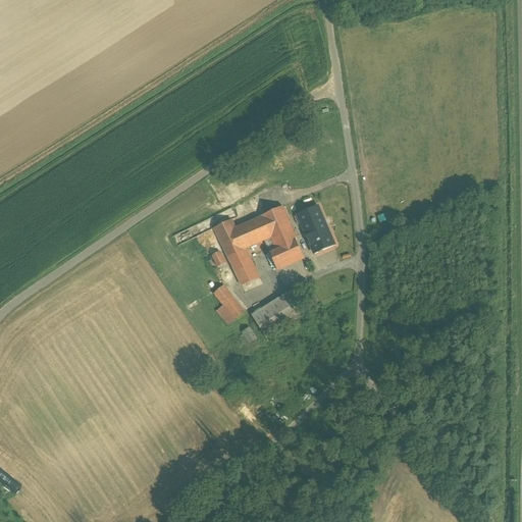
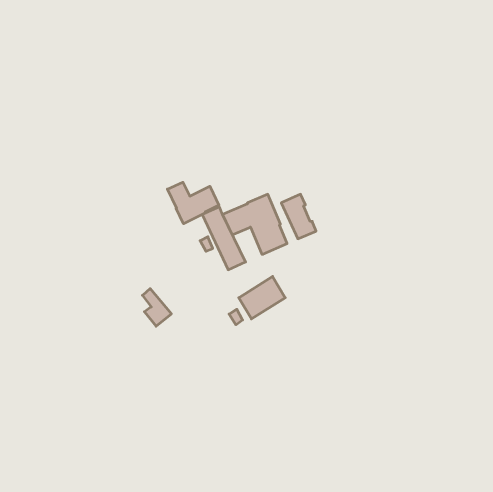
building: none -> [167,182,219,224]
building: [214,284,245,324] -> [142,289,171,326]

